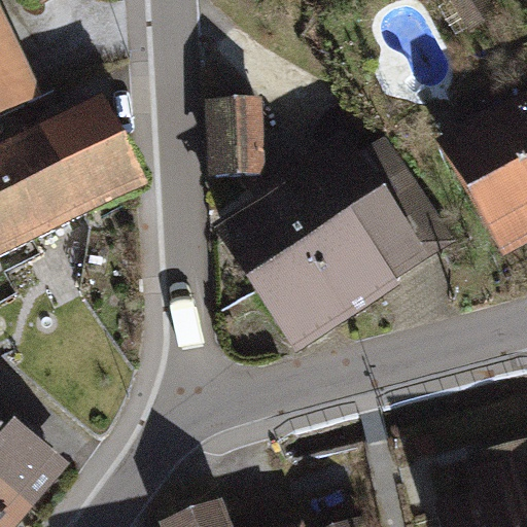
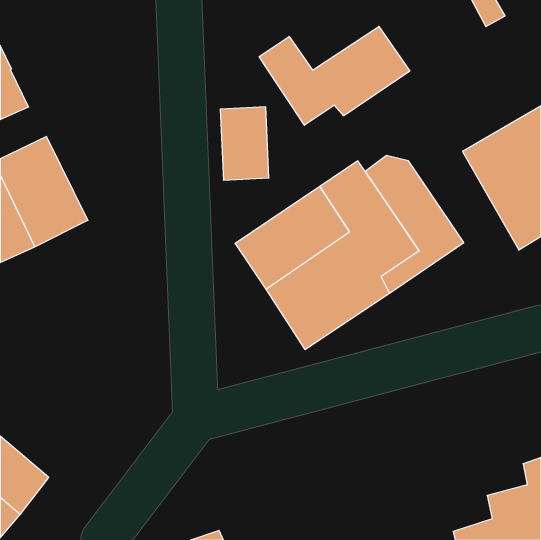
building: none -> [259,26,410,125]
building: [45,103,138,214] -> none

